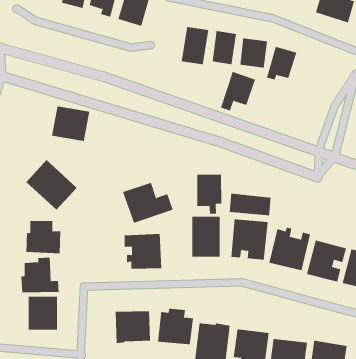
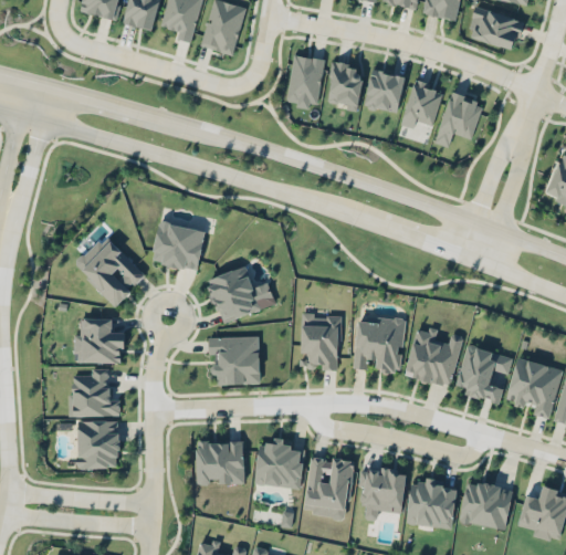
building: [220,71,256,111] -> [436,93,484,147]
building: [51,106,90,142] -> [153,222,206,271]
building: [197,174,222,215] -> none
building: [229,193,271,216] -> none

